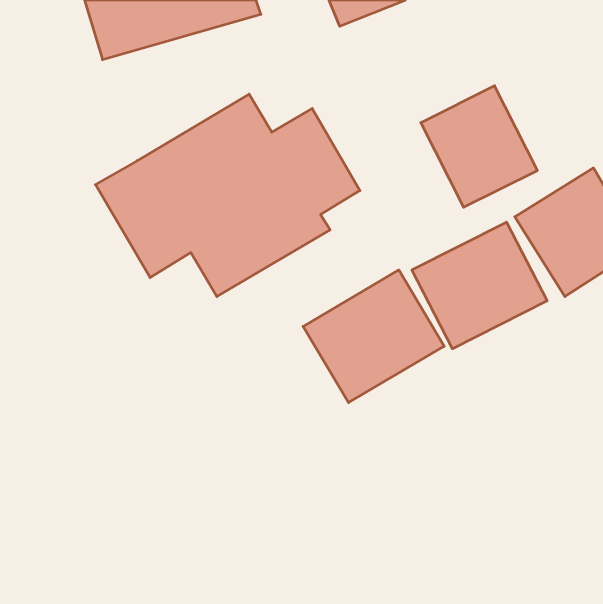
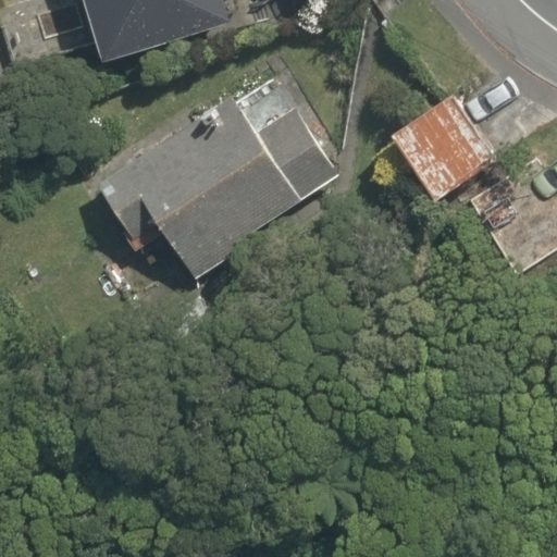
building: [412,222,547,349] -> none
building: [303,270,444,403] -> none

